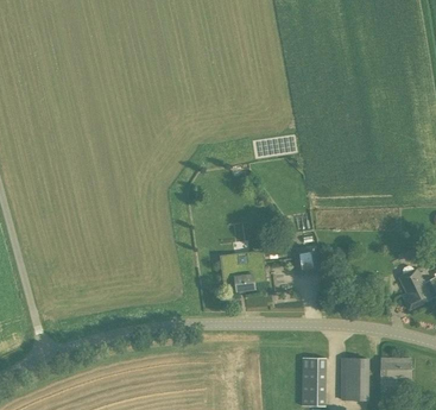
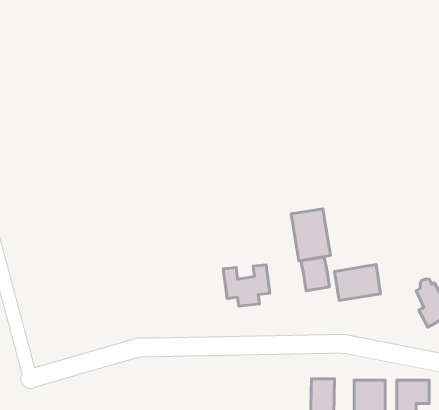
building: none -> [291,209,331,261]
building: none -> [335,265,381,301]

